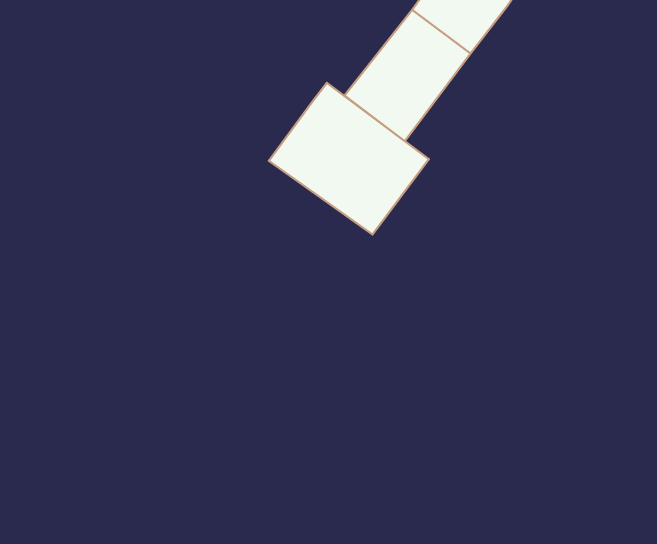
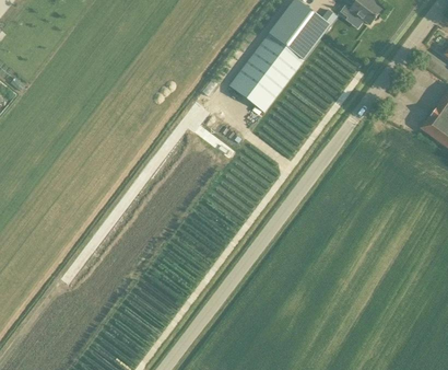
building: [269,83,429,234] -> none

